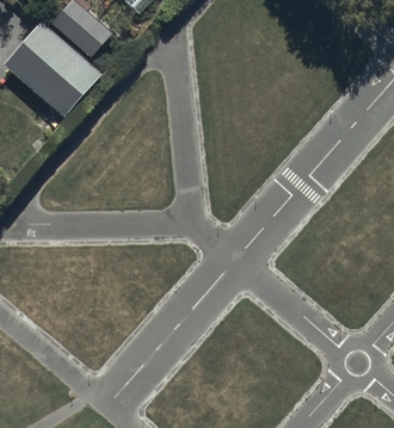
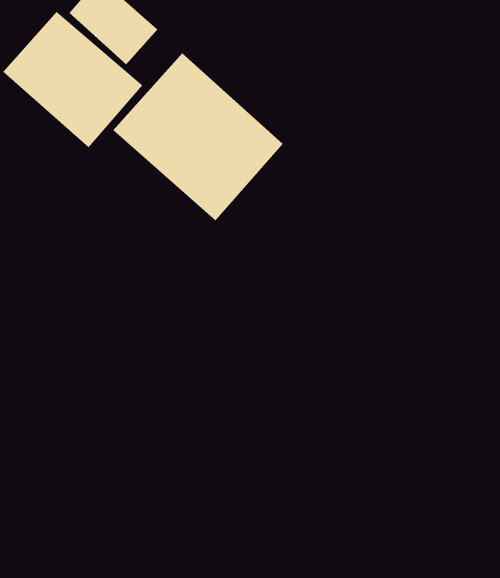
building: none -> [112,52,283,221]

